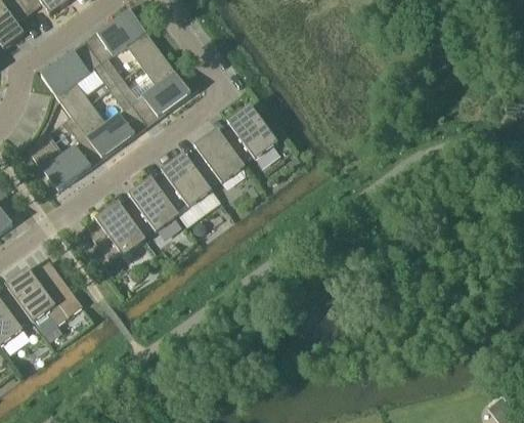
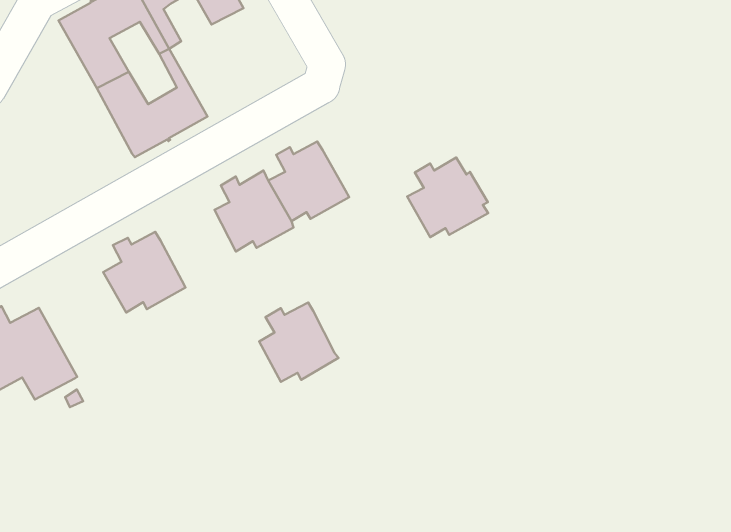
building: [115,52,190,126] -> none
building: [223,109,277,163] -> [407,158,488,237]
building: [27,117,99,191] -> none
building: [125,181,178,236] -> [259,302,339,382]

